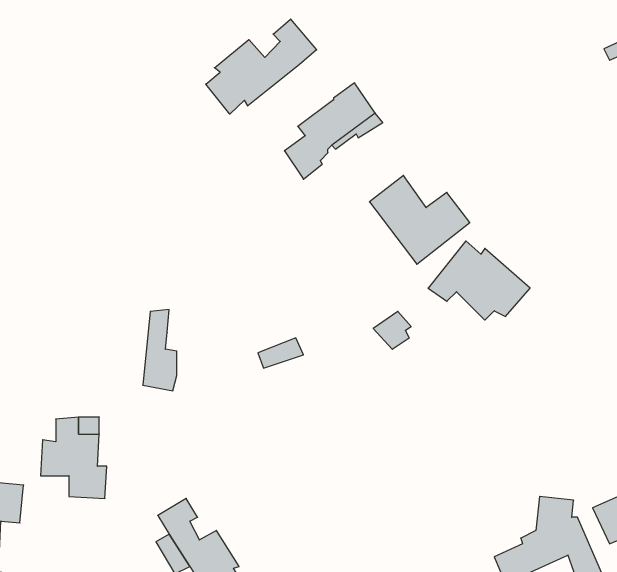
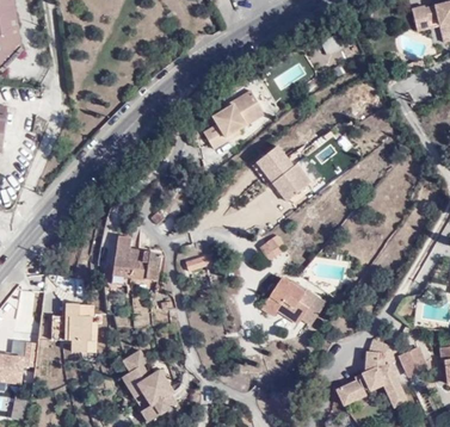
building: [206,19,317,114] -> none
building: [428,241,530,320] -> [255,273,320,323]
building: none -> [128,246,161,276]

